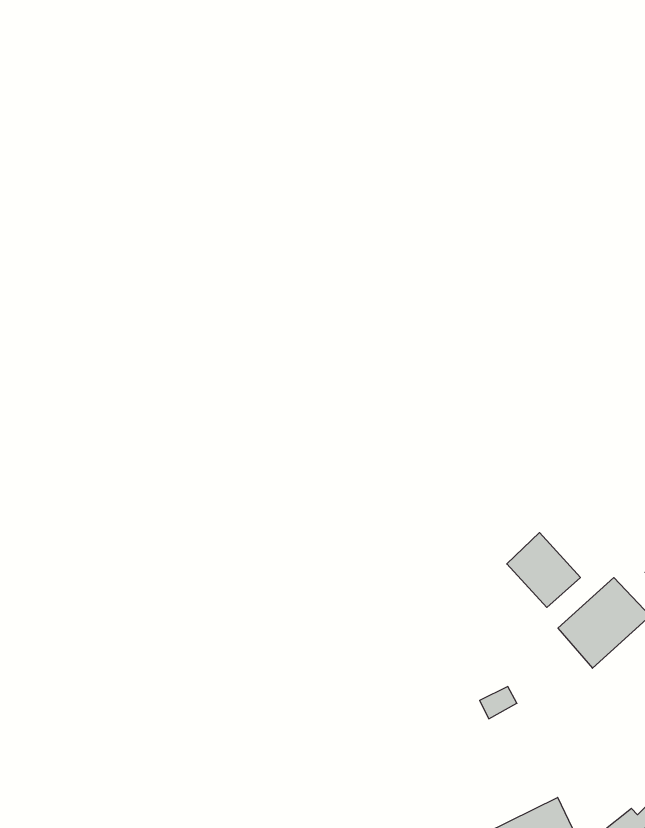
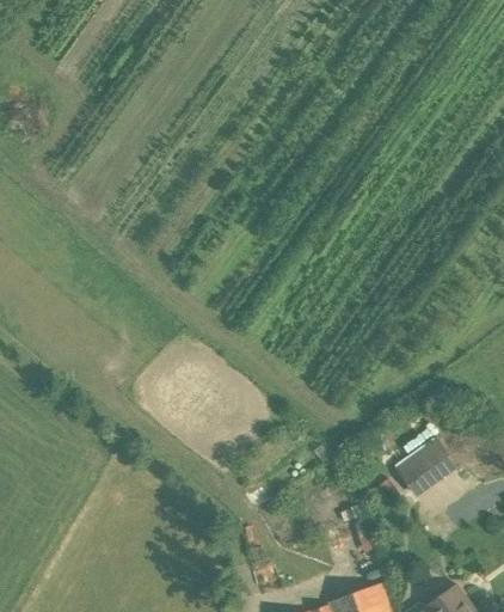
building: [507,533,580,607] -> none

